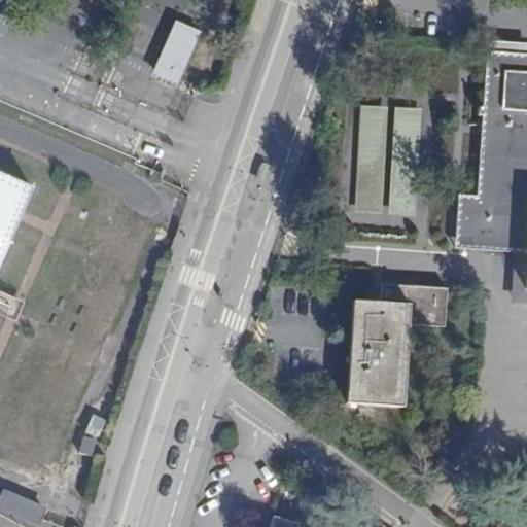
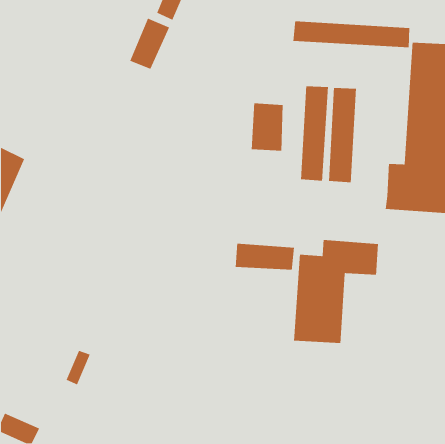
building: none -> [292,20,410,48]
building: none -> [251,102,283,151]
building: none -> [235,243,295,270]

